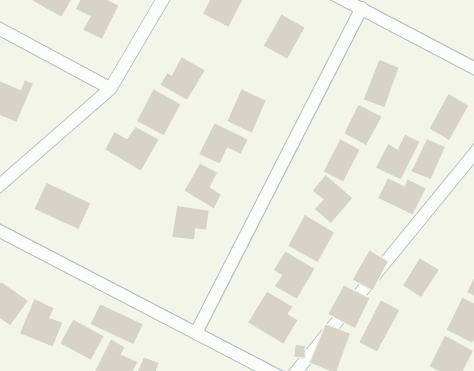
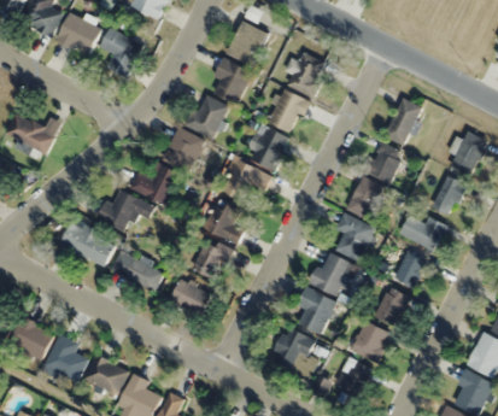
building: none -> [211,55,251,100]
building: none -> [265,87,309,133]
building: [375,134,420,180] -> none
building: none -> [95,189,153,232]
building: none -> [170,277,212,315]
building: [402,258,440,298] -> [392,251,429,291]
building: [358,300,400,352] -> none
building: [90,304,144,345] -> [110,250,163,291]

